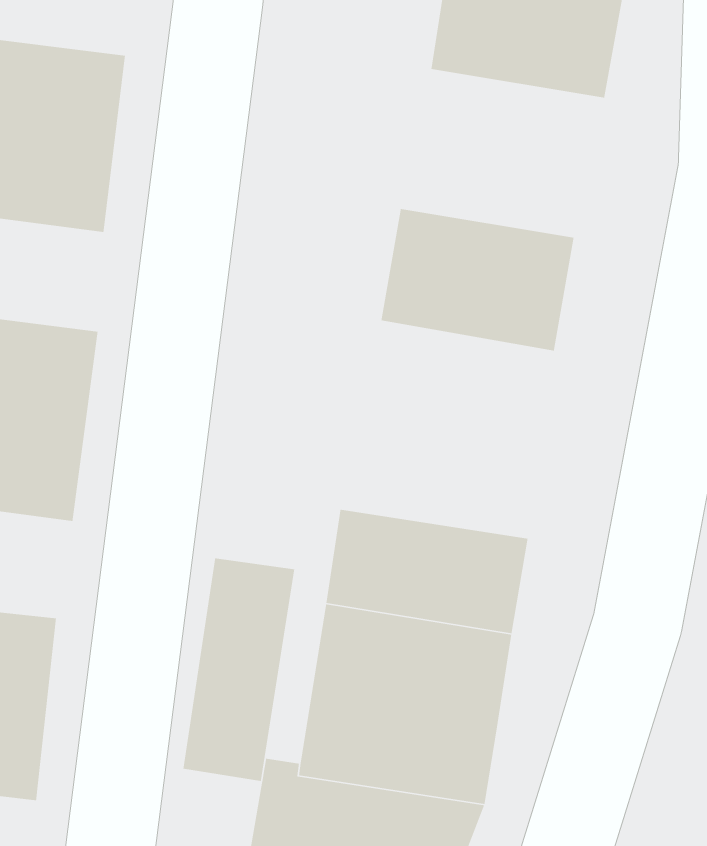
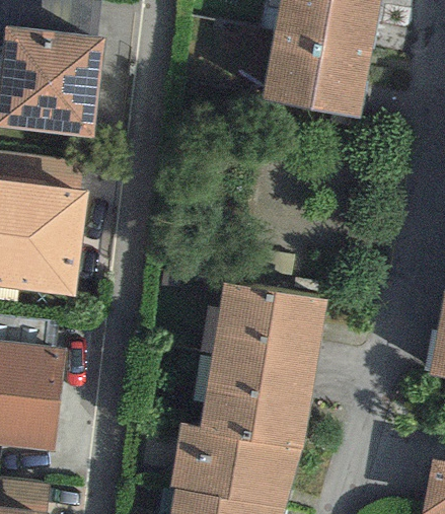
building: [380,208,574,352] -> [261,41,369,121]
building: [183,558,295,782] -> none

